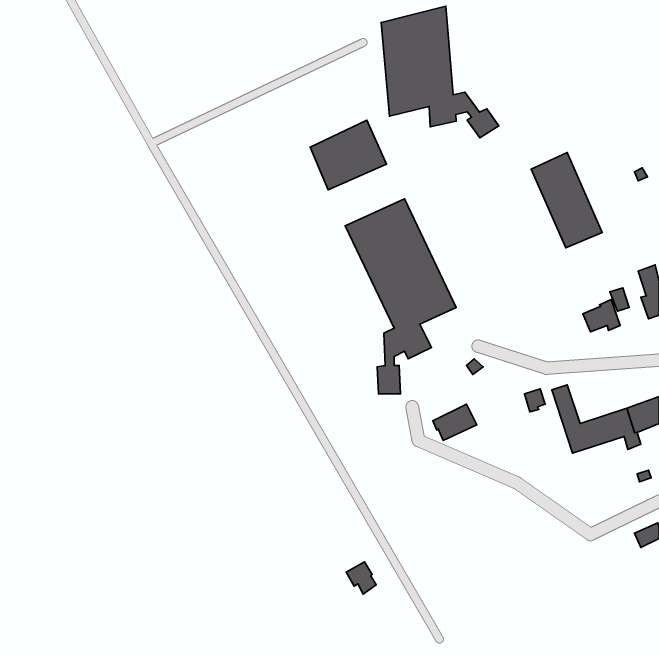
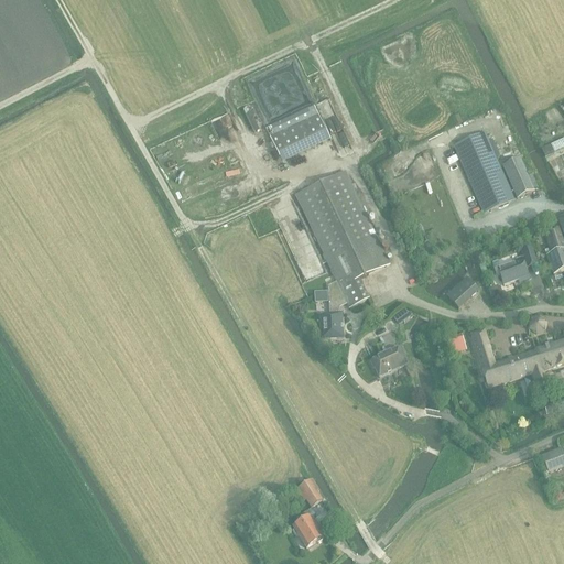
building: [381,6,499,138] -> none
building: none -> [501,156,533,196]
building: none -> [446,278,477,307]
building: none -> [292,510,322,546]

